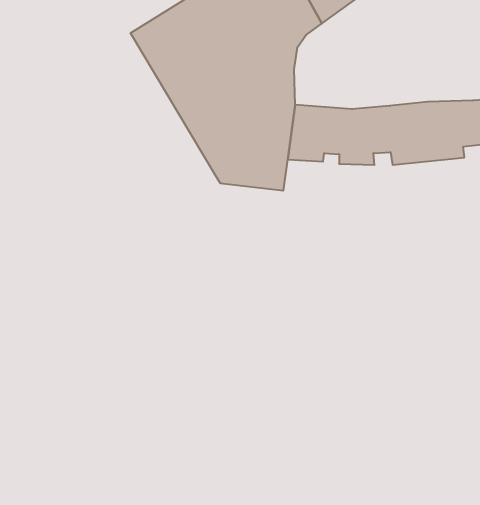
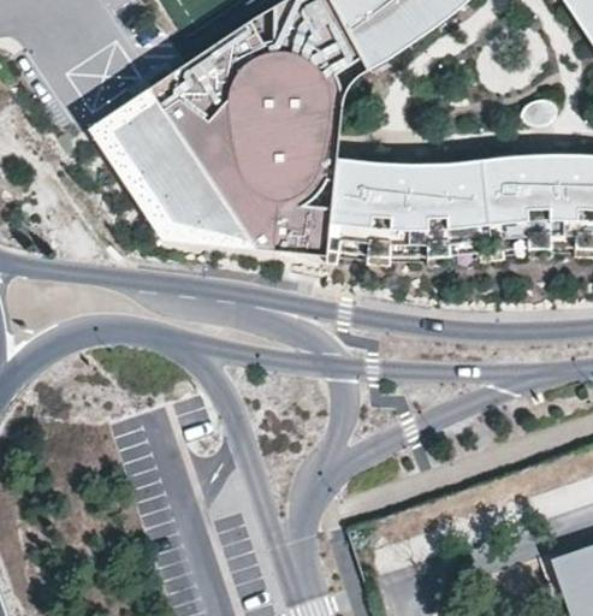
building: none -> [88,82,250,241]

